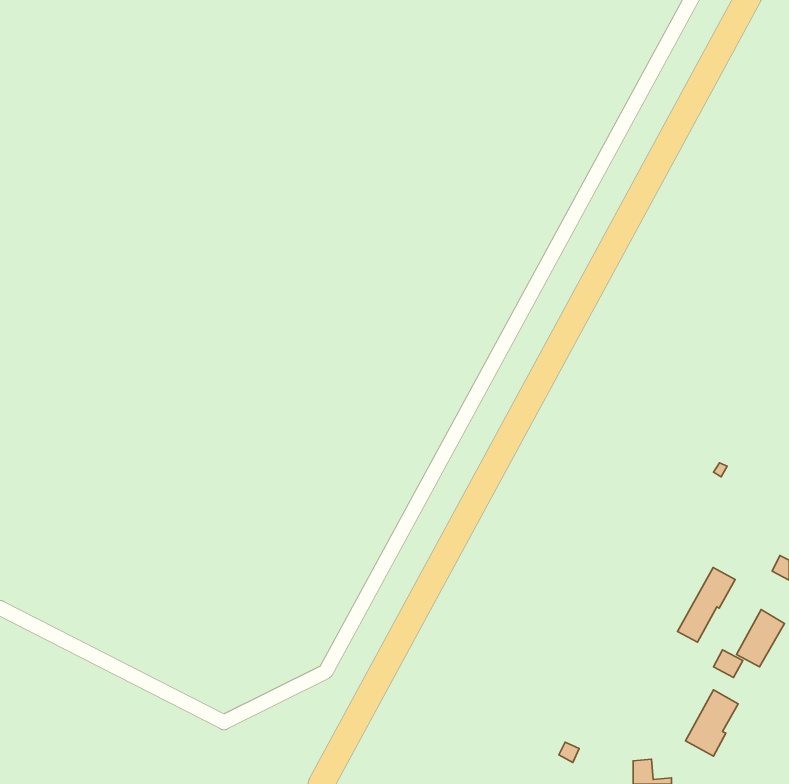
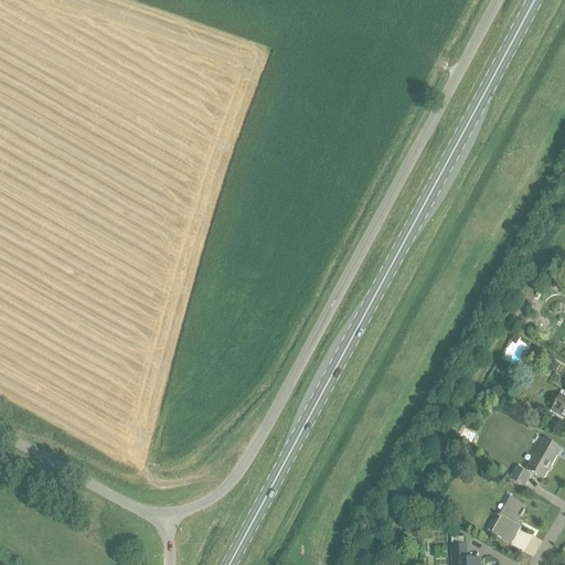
building: [678,567,735,642] -> none

